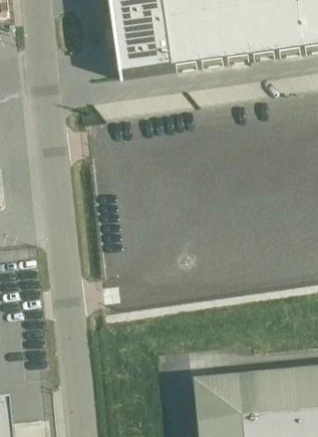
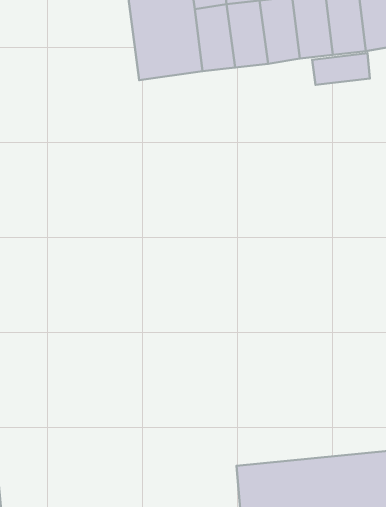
building: none -> [312,53,370,85]

